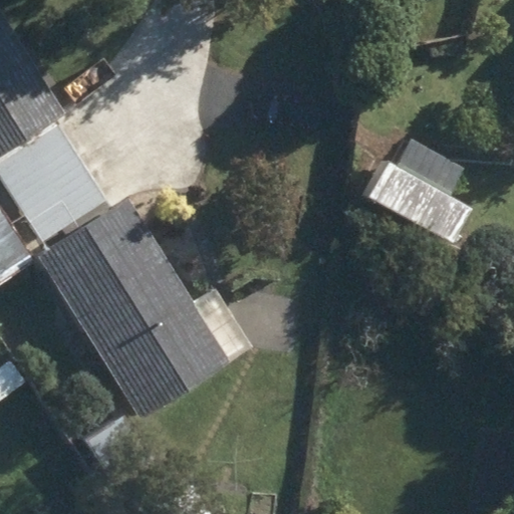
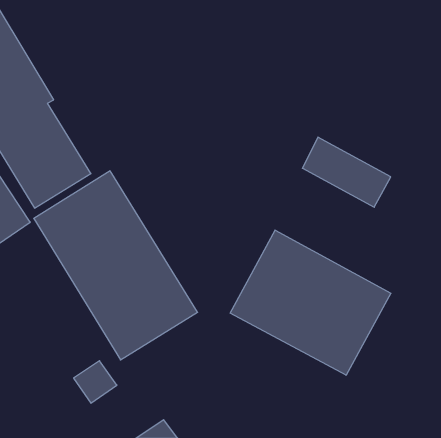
building: none -> [230,230,391,375]

